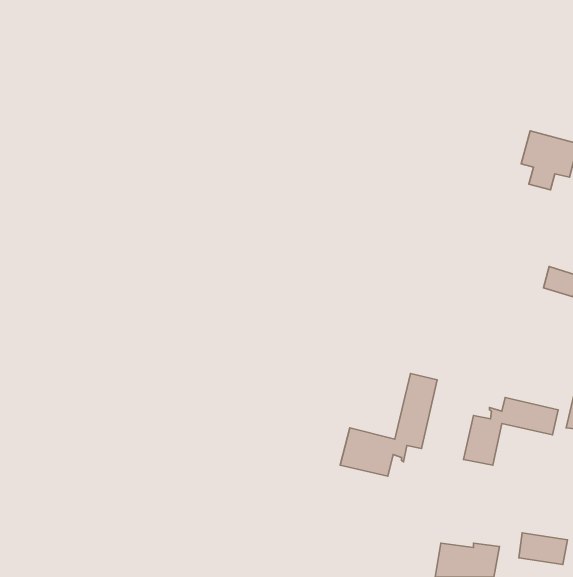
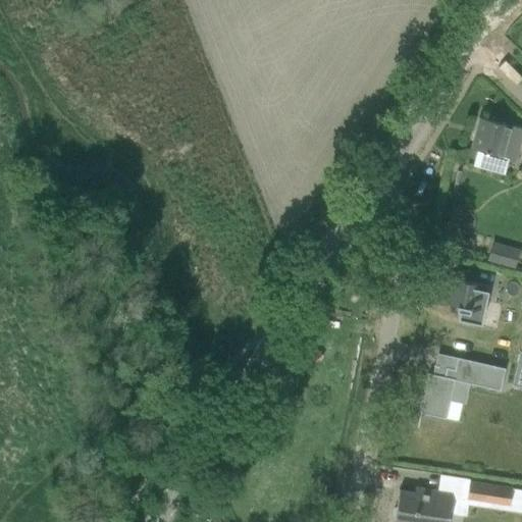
building: none -> [445,277,490,324]
building: [340,374,437,476] -> none

